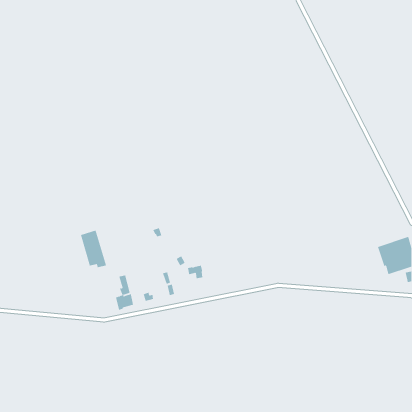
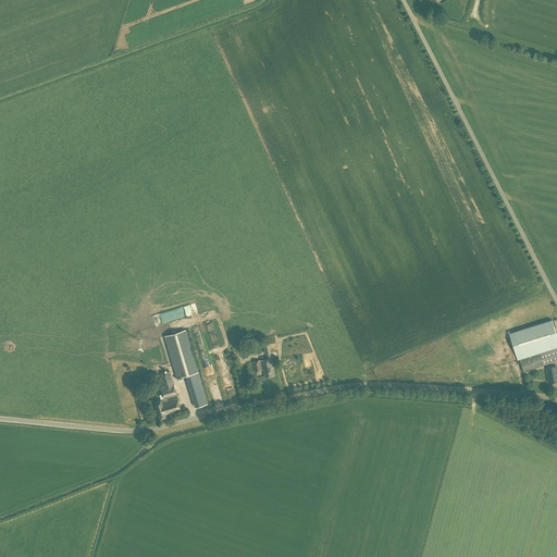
building: [80,230,107,268] -> [164,329,200,380]

